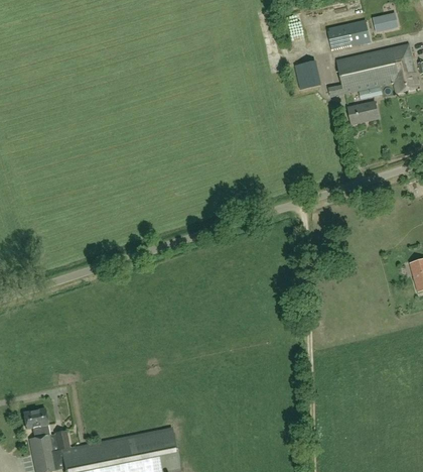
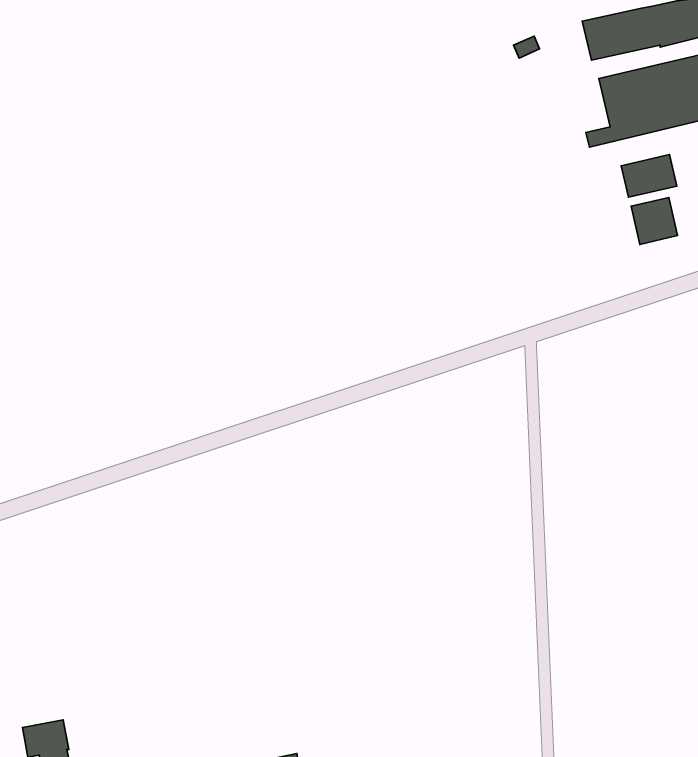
building: [292,61,320,90] -> none
building: none -> [631,197,677,244]

